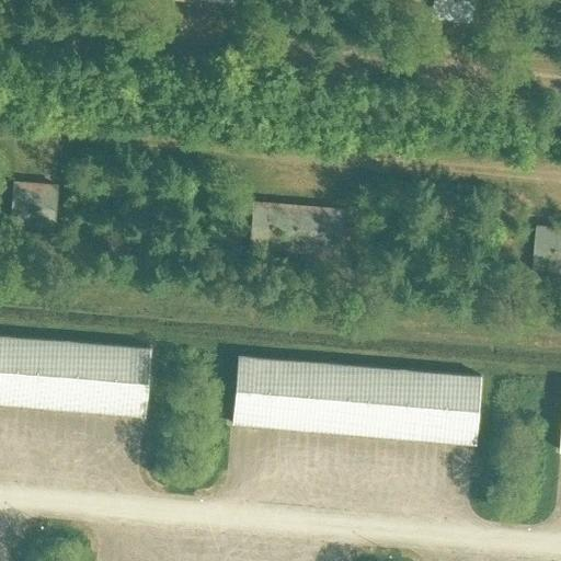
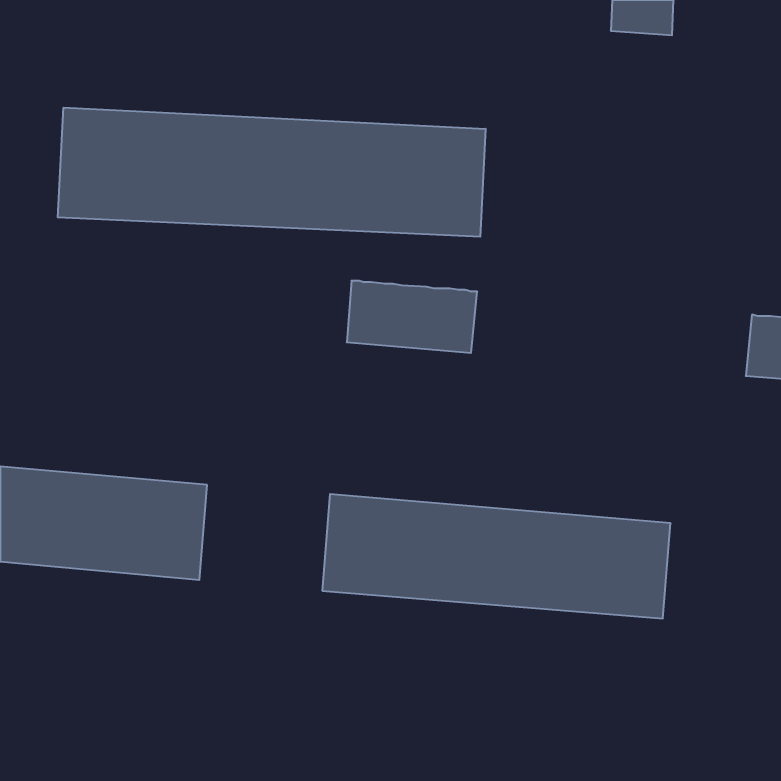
building: none -> [58,108,486,237]
building: [11,182,57,231] -> none

